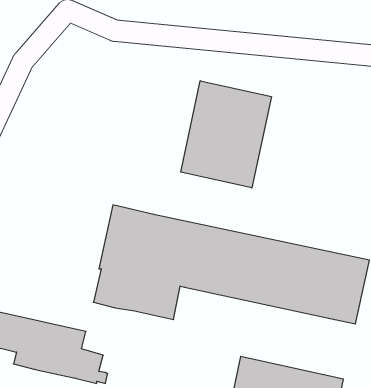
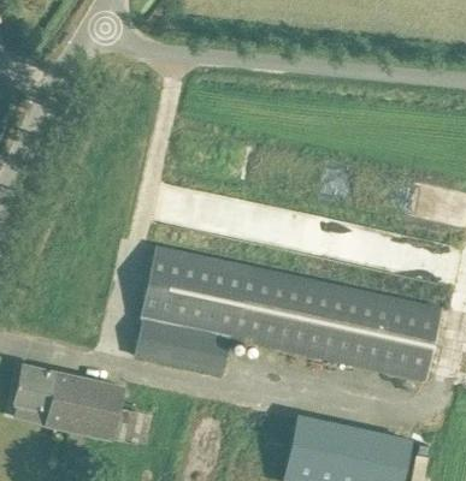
building: [181,81,271,188] -> none

